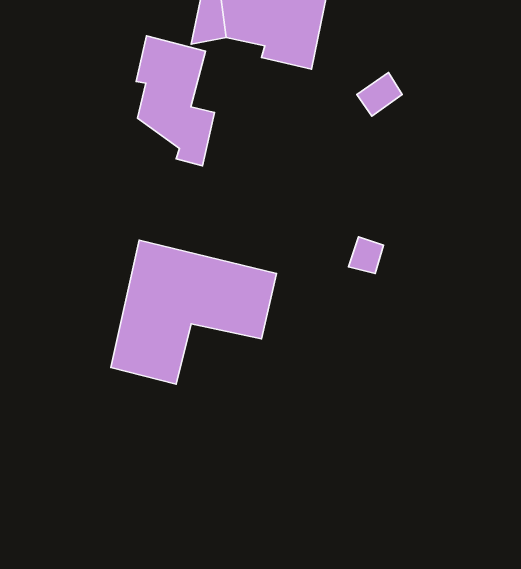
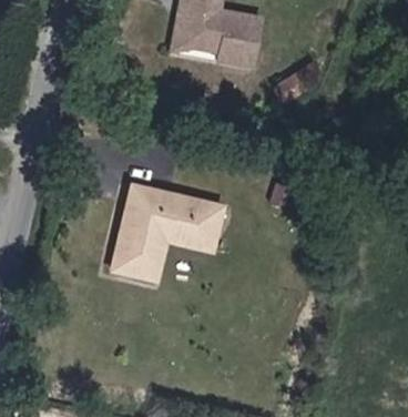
building: [136,36,215,166] -> none

